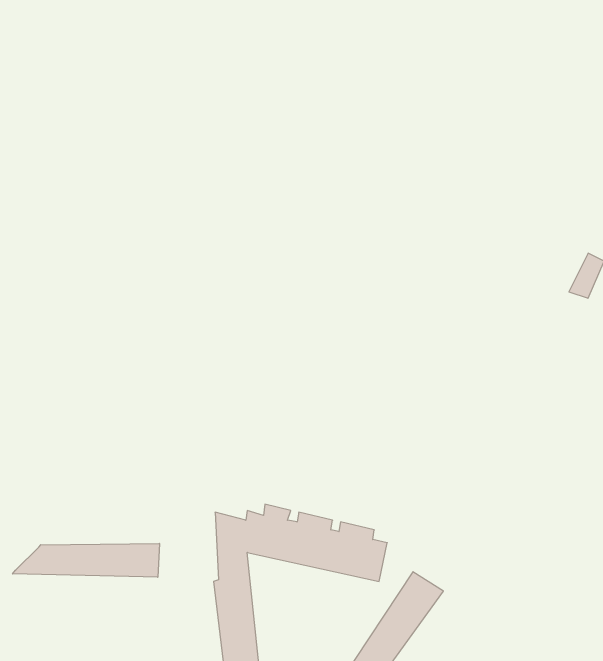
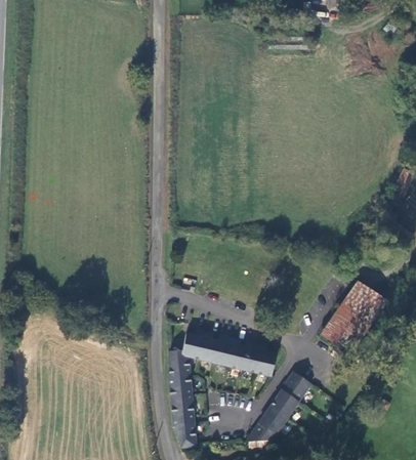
building: none -> [321,280,388,352]
building: [13,543,159,577] -> none

